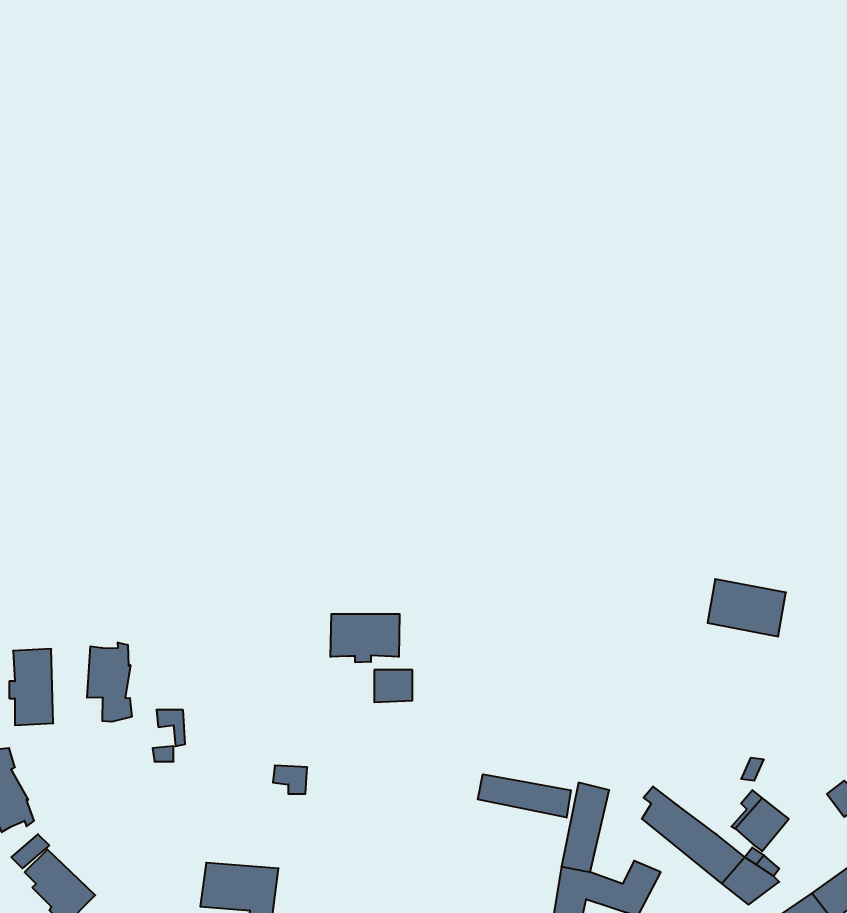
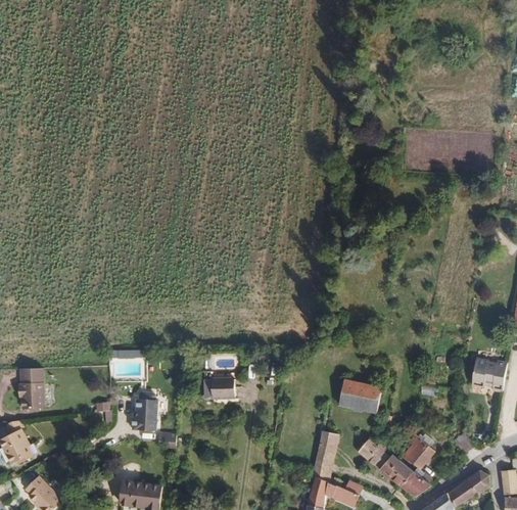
building: [708,579,786,636] -> [338,382,380,413]
building: [331,614,400,662] -> none
building: [87,642,132,722] -> none
building: none -> [132,393,156,426]
building: [478,774,571,818] -> none

